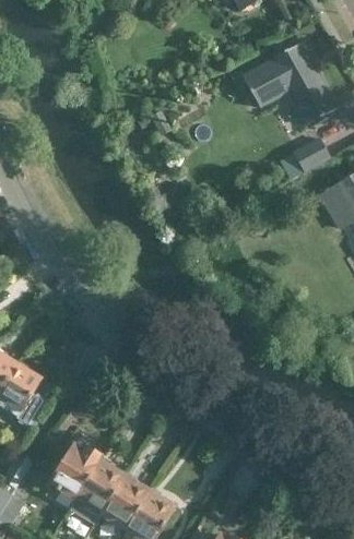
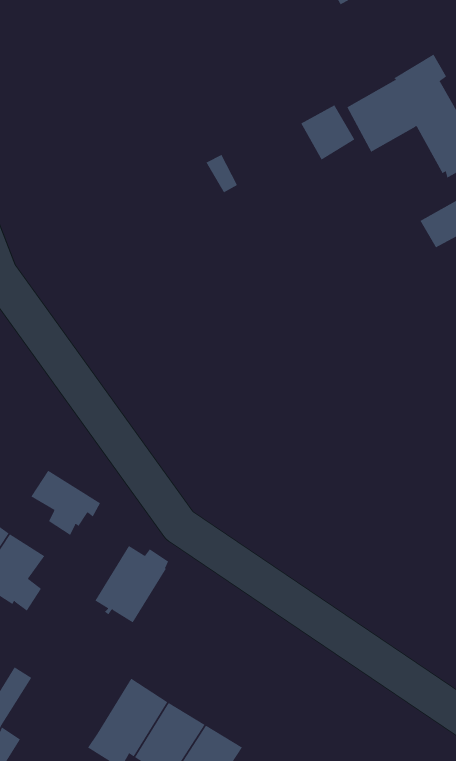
building: none -> [301,105,355,160]
building: none -> [31,470,101,536]
building: [49,444,99,496] -> [94,545,169,623]

